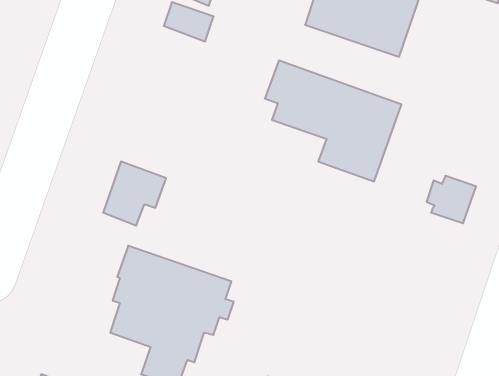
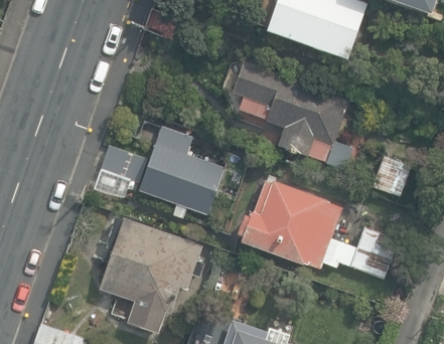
building: none -> [140,129,227,220]
building: none -> [239,178,398,277]

